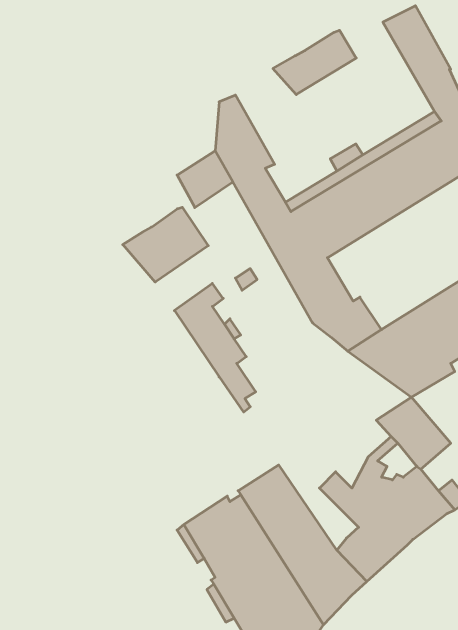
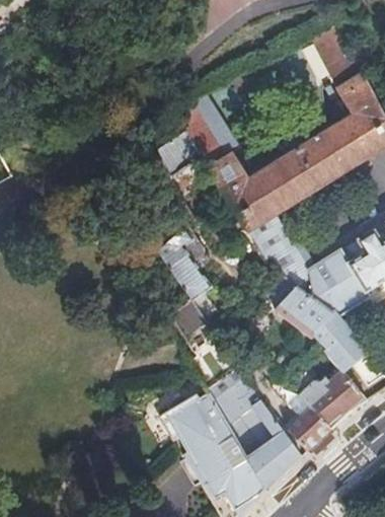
building: [273,30,356,95] -> none
building: [123,207,208,282] -> none
building: none -> [262,274,337,336]

